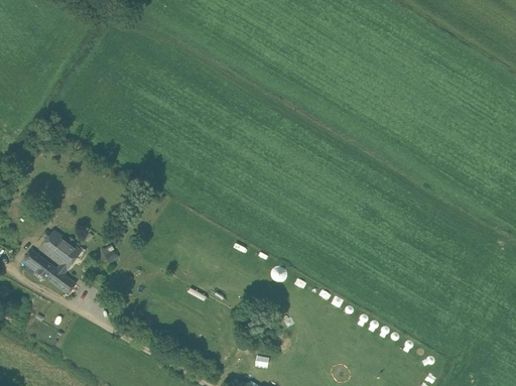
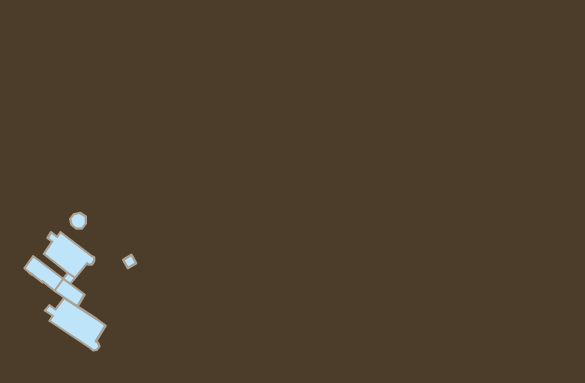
building: none -> [45,298,105,351]

